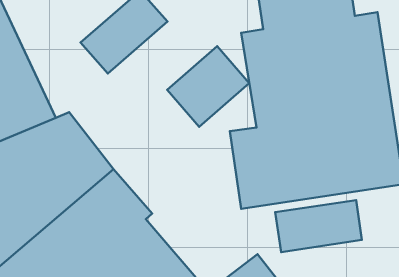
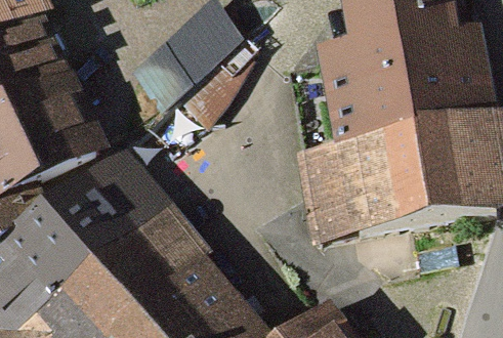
building: [167,46,249,127] -> none
building: [275,200,362,252] -> none

